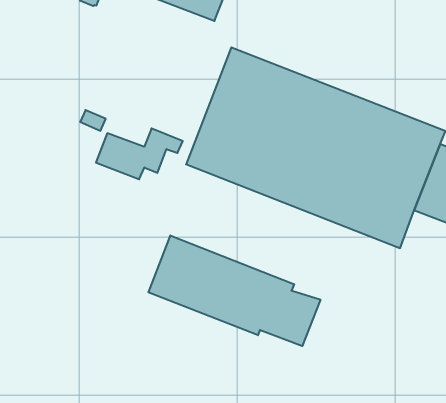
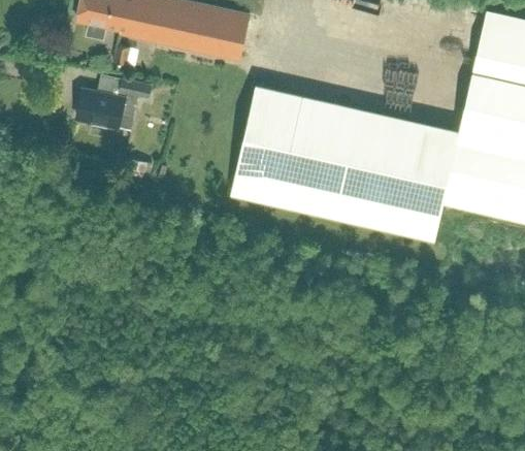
building: [96,128,183,179] -> [76,80,152,128]
building: [148,235,320,346] -> none

